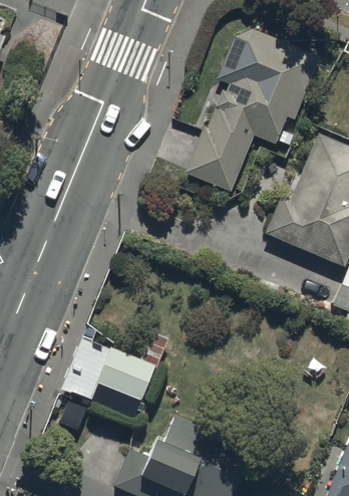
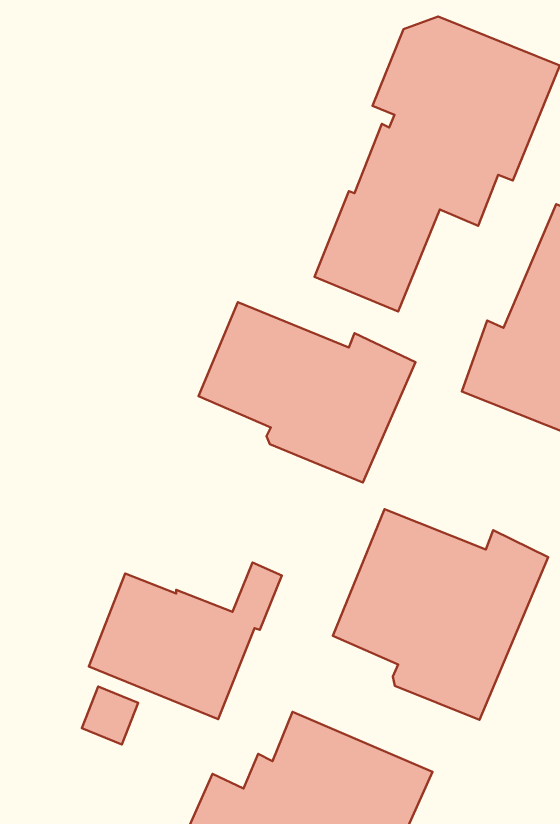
building: none -> [199,302,415,483]
building: none -> [333,509,548,720]

